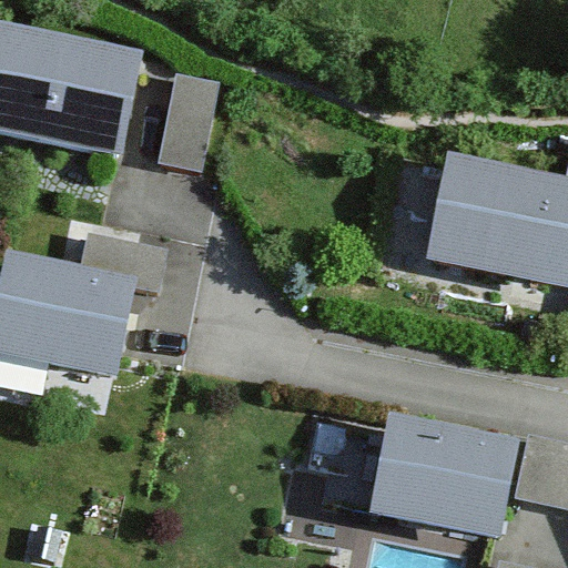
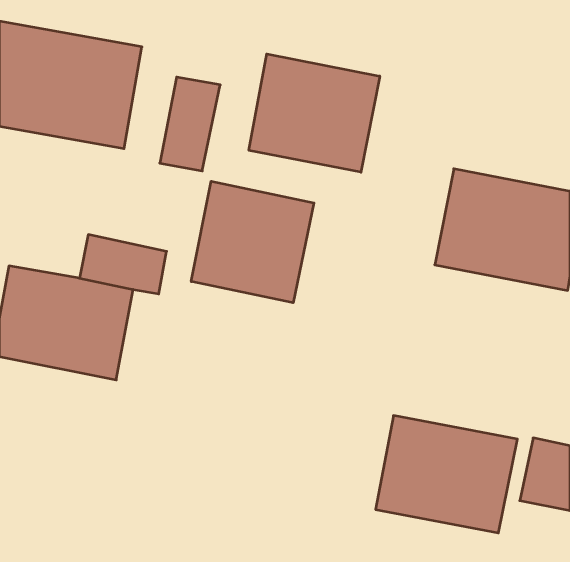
building: none -> [249,54,380,172]
building: none -> [191,181,314,303]

